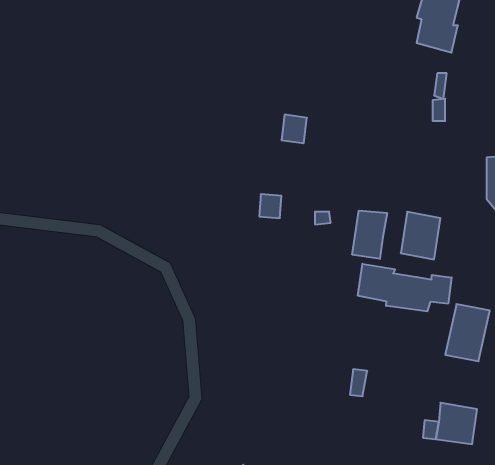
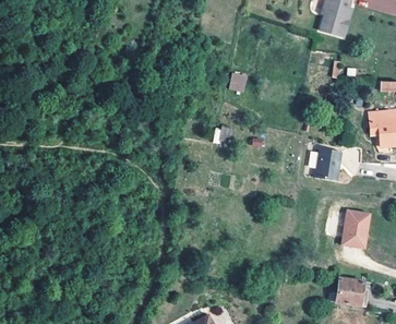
building: [352,211,387,259] -> none
building: [358,264,452,311] -> none

